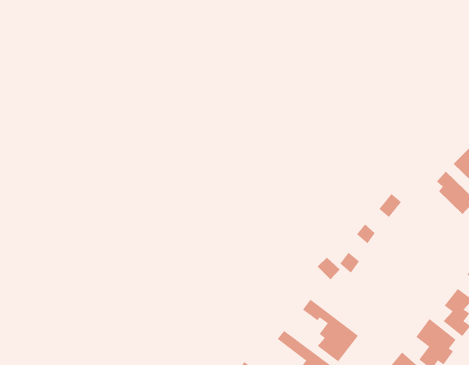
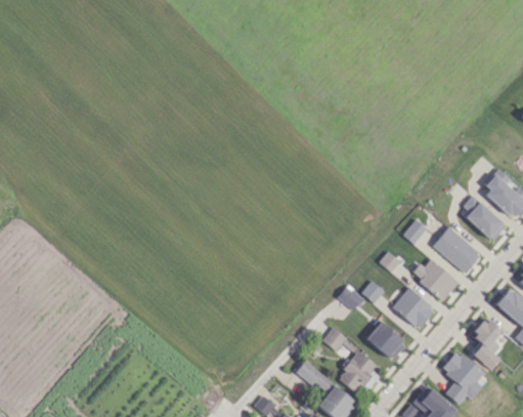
building: none -> [433,227,481,274]
building: none -> [413,257,459,300]
building: none -> [392,288,435,329]
building: none -> [367,322,406,361]

